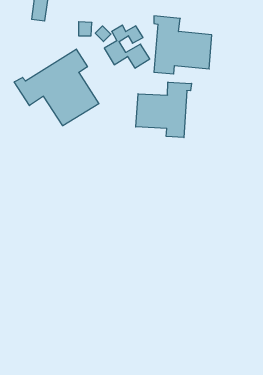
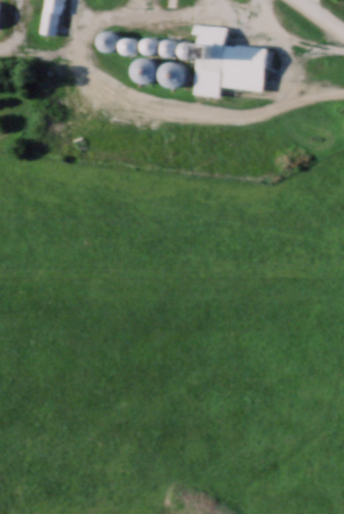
building: [14,49,99,126] -> none
building: [136,82,192,138] -> none

